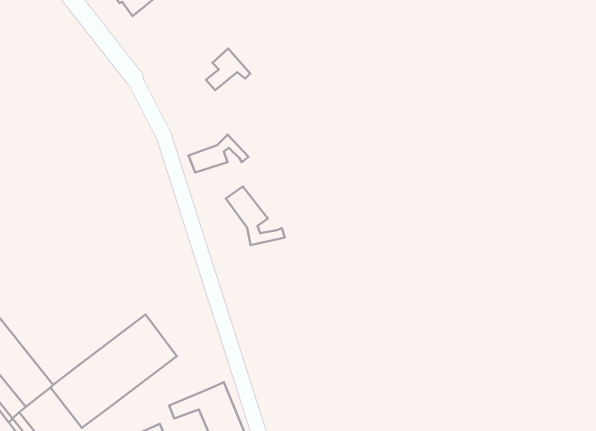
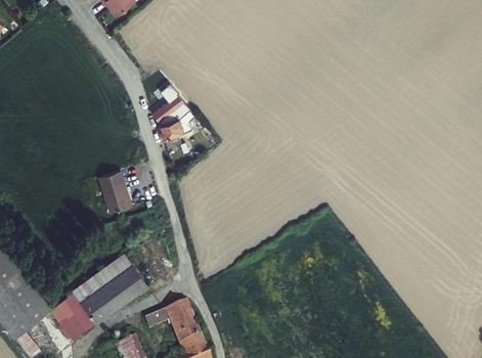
building: [206,49,250,90] -> [154,92,188,125]
building: [226,186,285,245] -> none
building: none -> [100,171,132,213]

